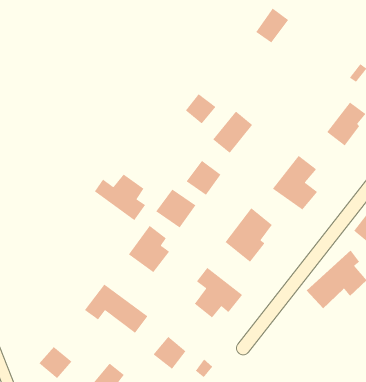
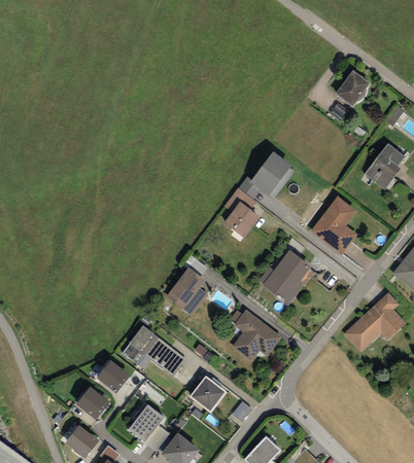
building: [255,7,289,43] -> [335,70,369,106]
building: [185,93,217,124] -> none
building: [94,173,146,221] -> none
building: [155,188,197,228] -> none
building: none -> [97,361,130,393]

